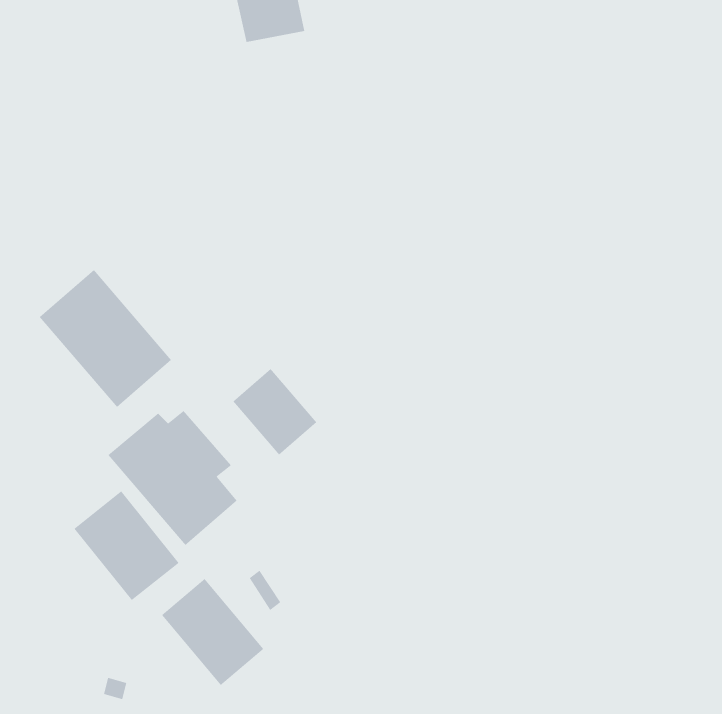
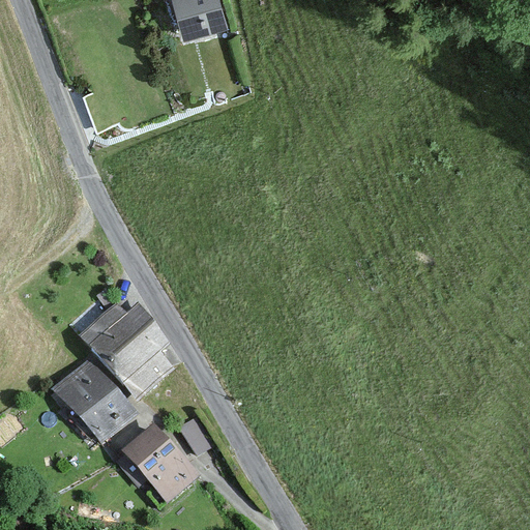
building: [39,269,172,408] -> none
building: [233,368,317,455] -> none

